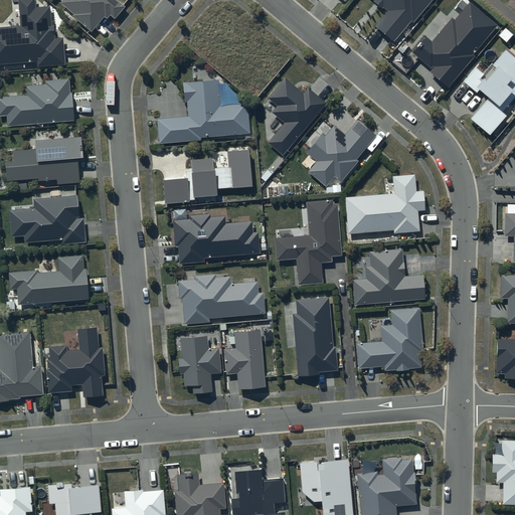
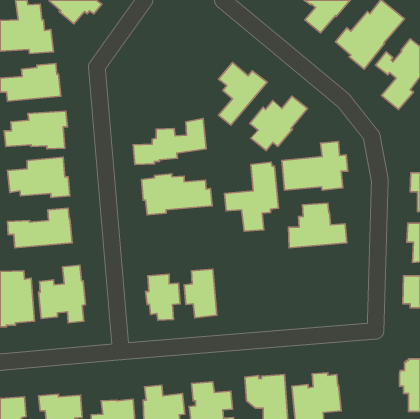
building: [158,80,248,143] -> none
building: [178,275,265,324] -> none
building: [293,298,337,376] -> none
building: [356,308,423,371] -> none

